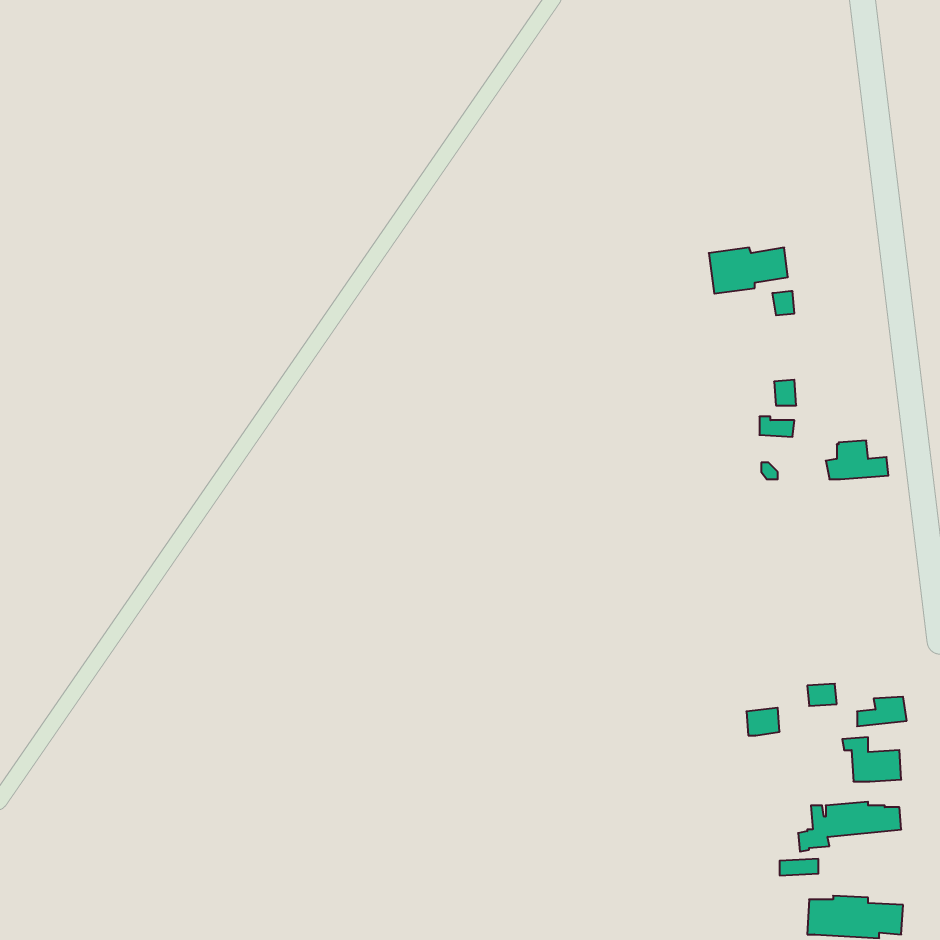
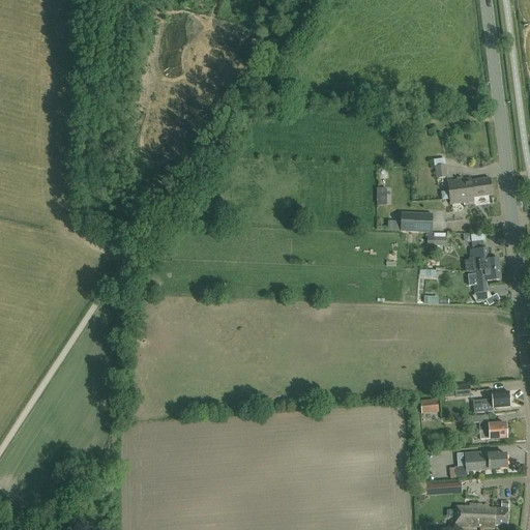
building: [709,248,788,294] -> [447,177,492,203]
building: none -> [400,212,432,232]
building: none -> [467,267,500,292]

